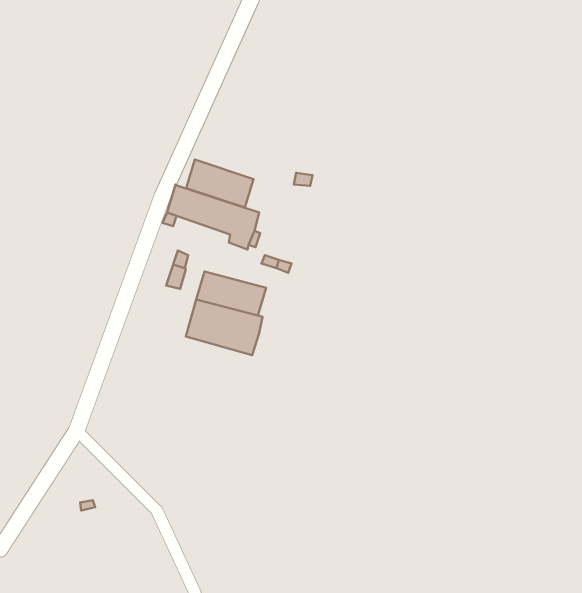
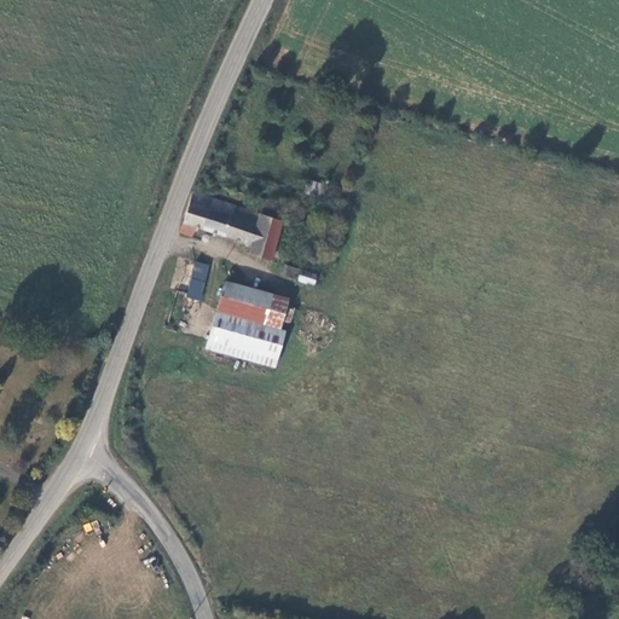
building: [186,160,253,208] -> none

